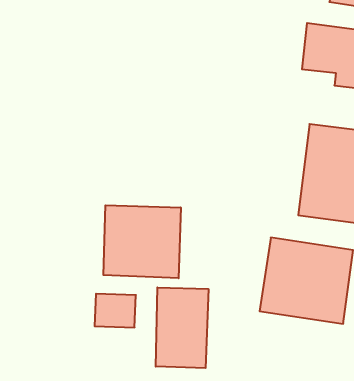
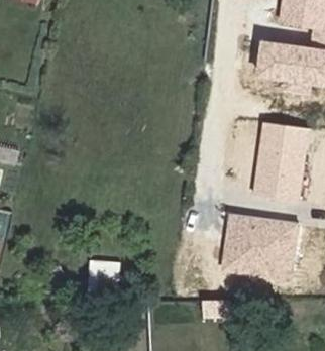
building: [103,205,181,278] -> none
building: [156,287,208,368] -> none

